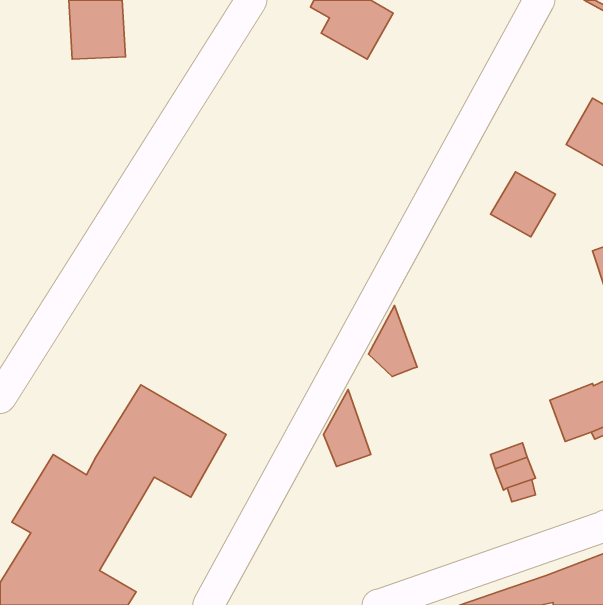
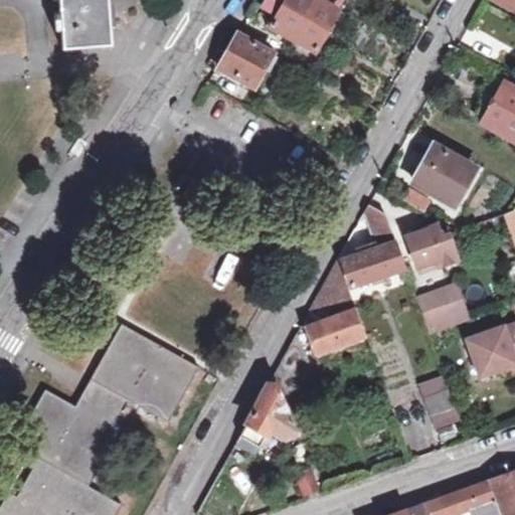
building: none -> [219,35,274,89]
building: none -> [343,205,402,288]
building: none -> [408,226,460,268]
building: none -> [422,291,464,332]
building: none -> [307,313,362,354]
building: none -> [239,377,295,447]

